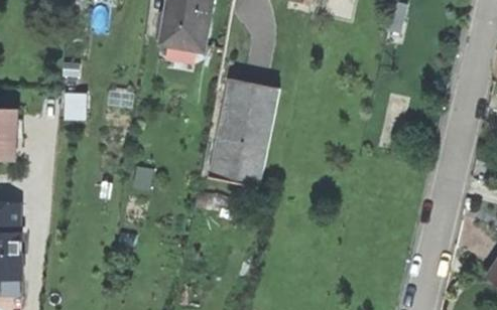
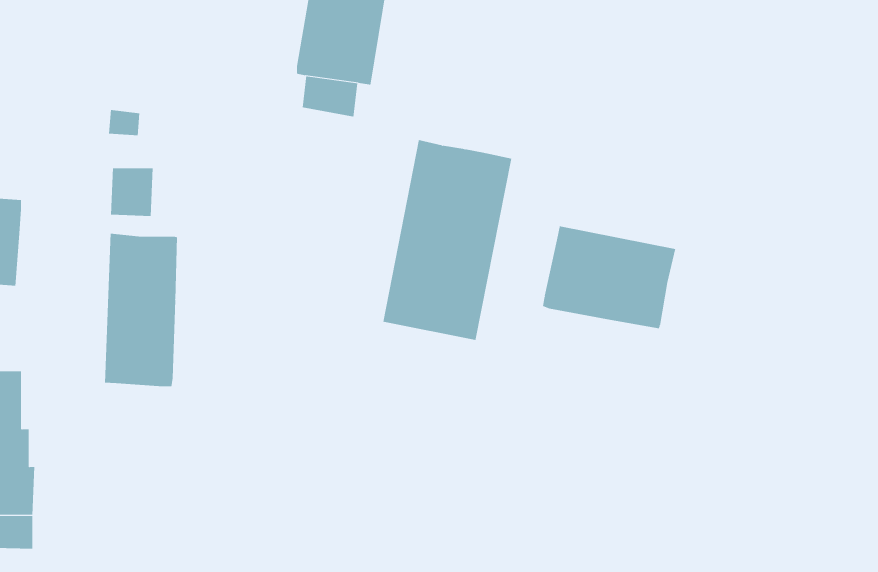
building: none -> [543,226,676,329]
building: none -> [105,233,178,387]

